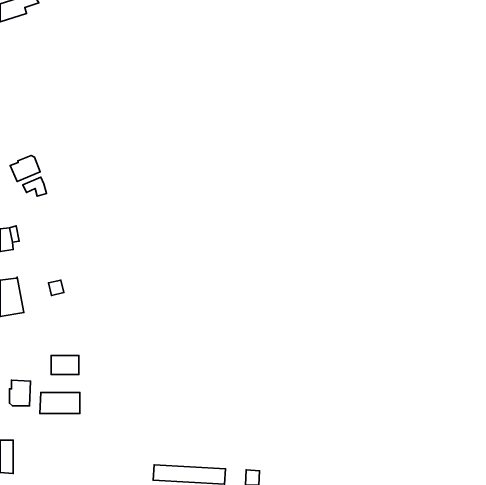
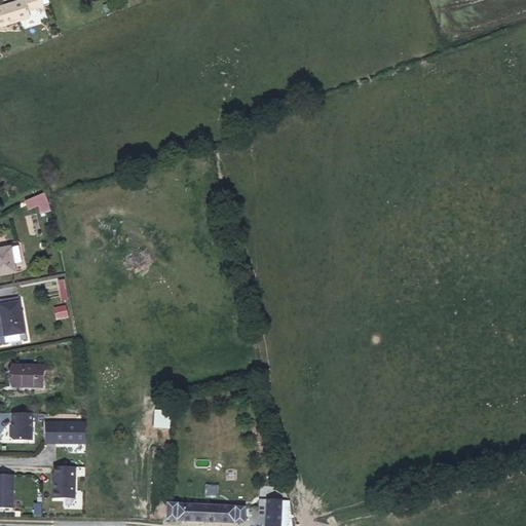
building: [10,156,40,181] -> none
building: [51,355,79,374] -> [12,364,42,384]
building: none -> [52,467,76,499]

